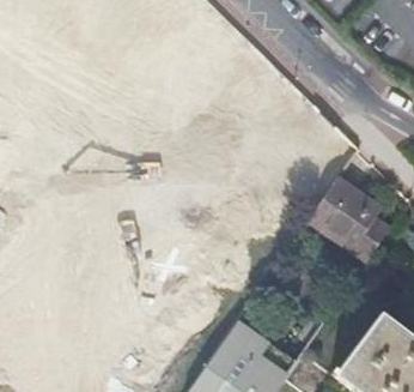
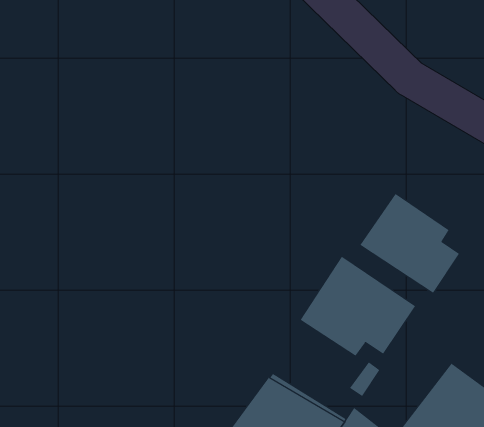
building: none -> [300,256,416,357]

